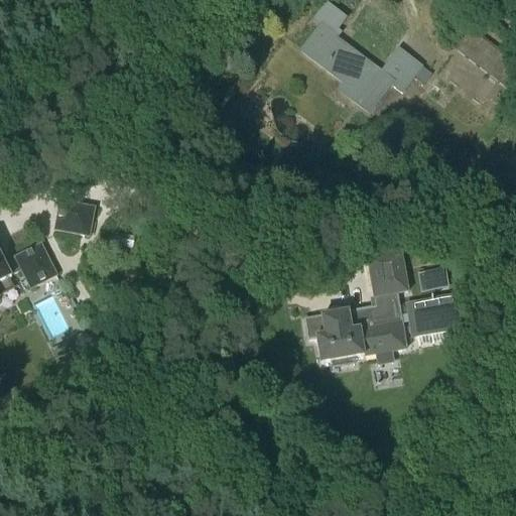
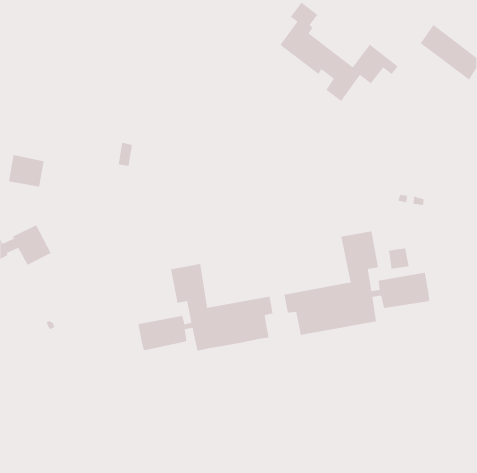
building: [53,199,93,234] -> [8,155,44,187]
building: none -> [138,263,273,351]

